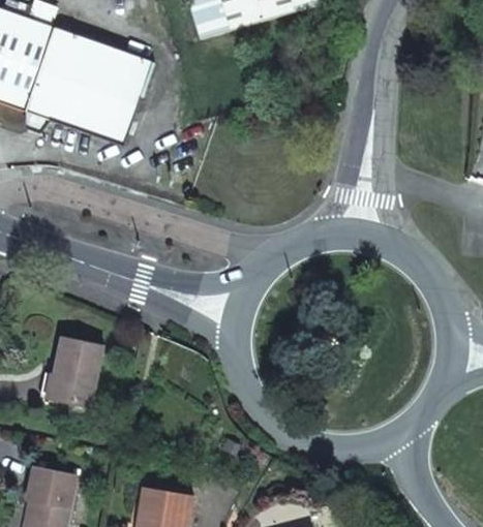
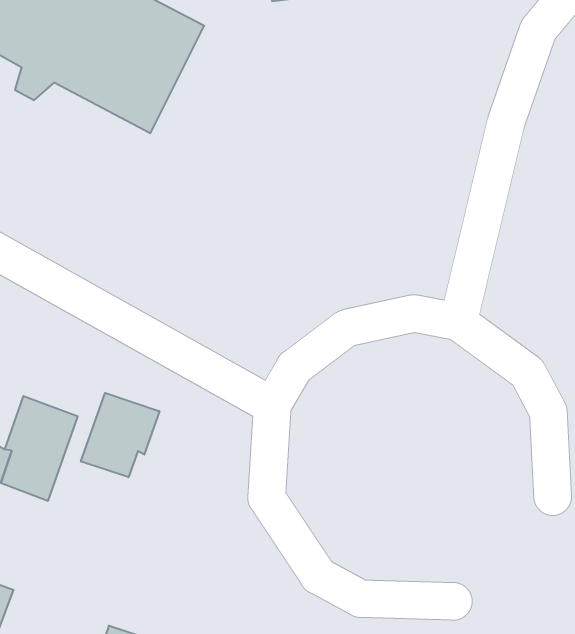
building: none -> [81,393,159,477]

